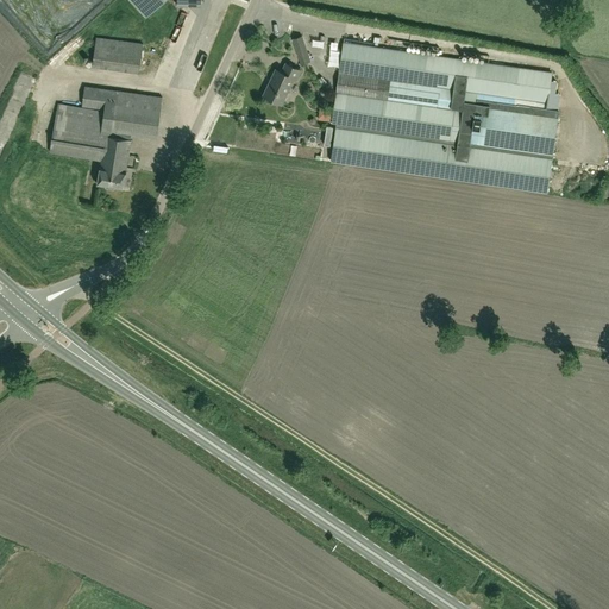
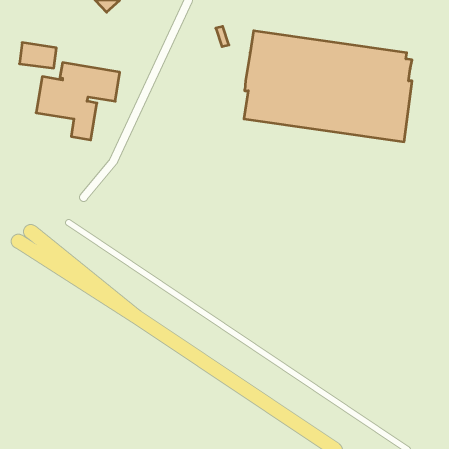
building: [92,38,142,73] -> [19,43,56,68]
building: [262,63,300,106] -> none

